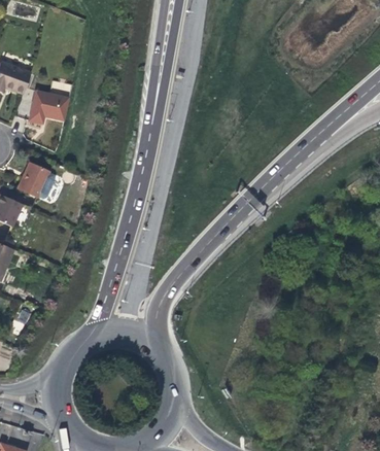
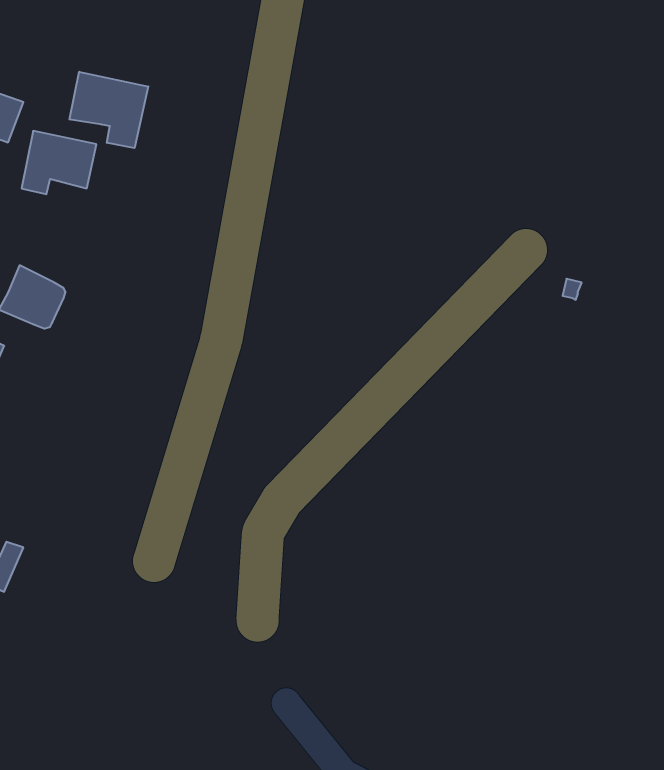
building: none -> [69,72,148,148]

